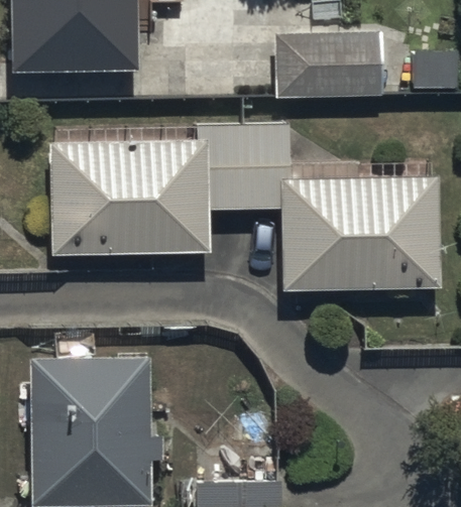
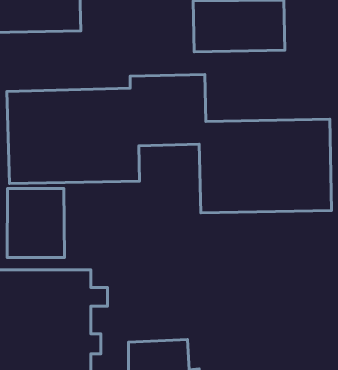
building: none -> [7,189,65,258]

